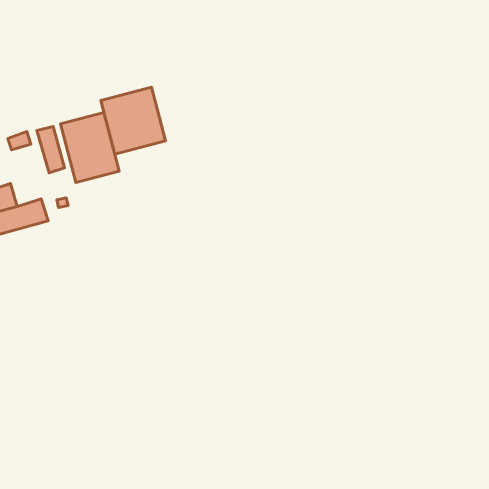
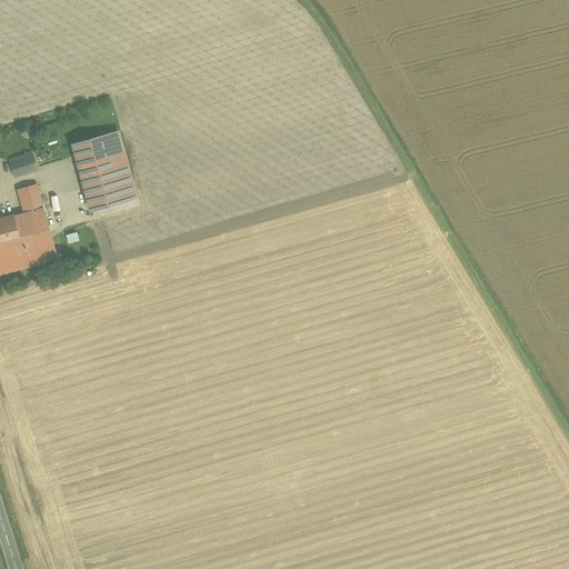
building: [101,87,165,154] -> none
building: [37,127,65,173] -> [16,182,48,236]

